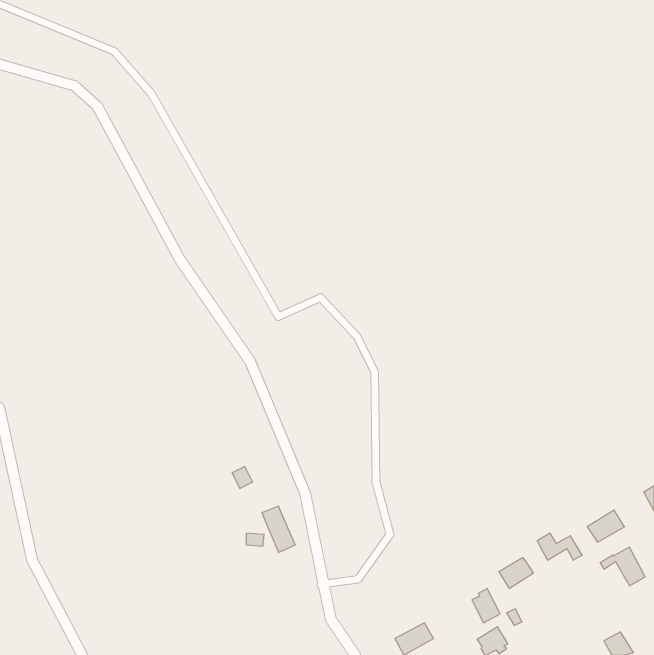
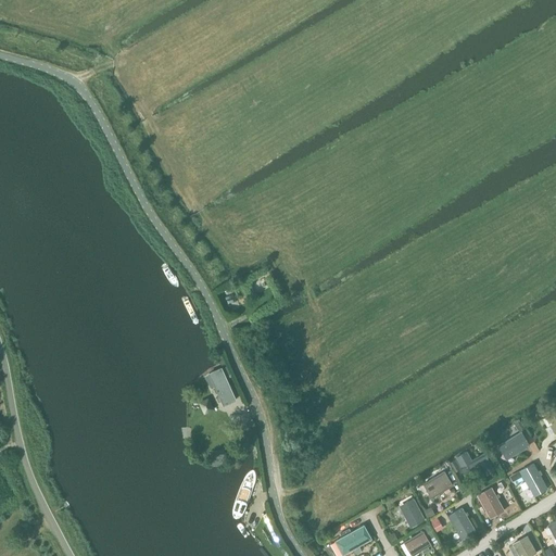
building: [262,506,295,552] -> [207,367,236,406]
building: none -> [477,488,504,518]
building: none -> [447,508,475,539]

